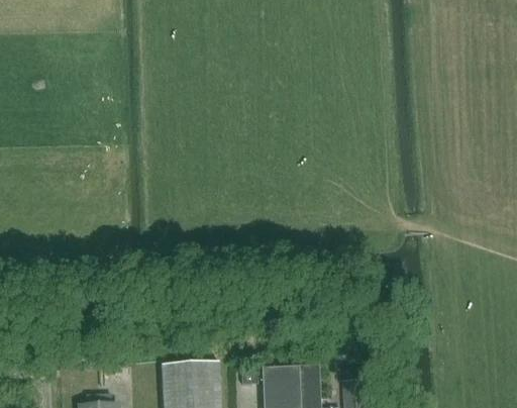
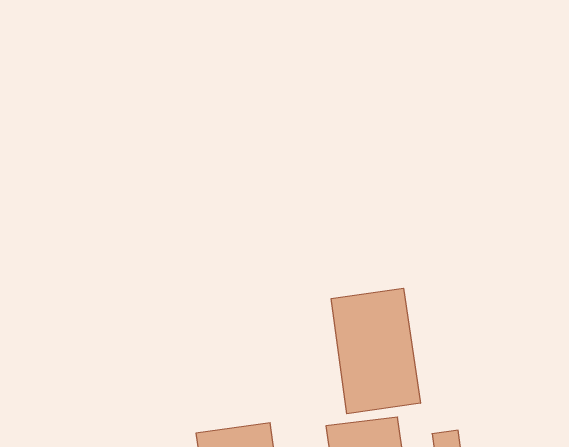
building: none -> [331,288,420,414]

